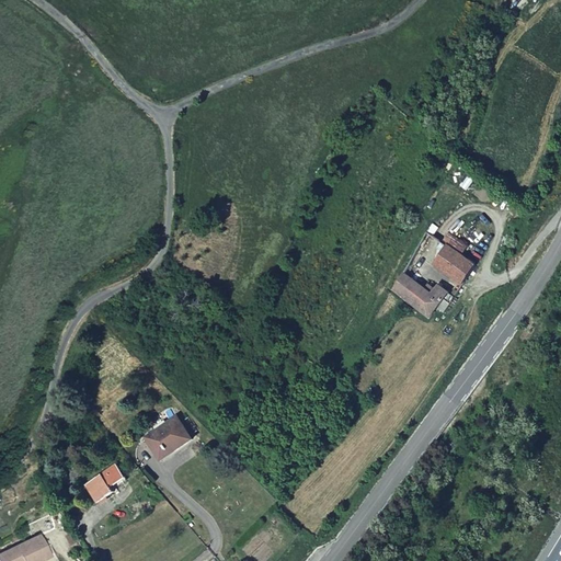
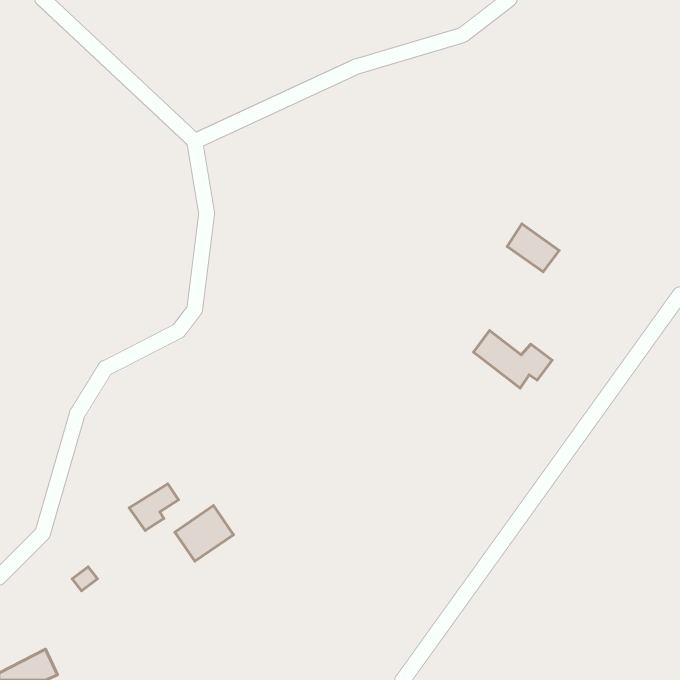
building: [433,244,476,284] -> [507,224,559,272]
building: [82,465,123,503] -> [129,484,178,531]

